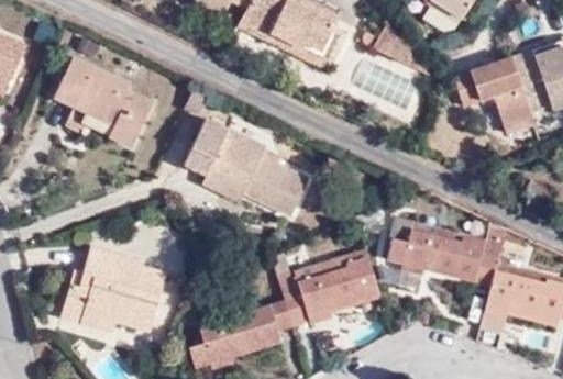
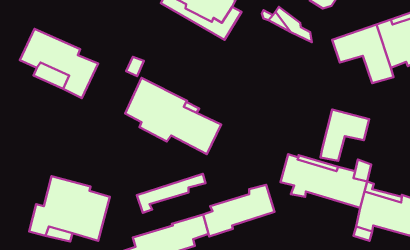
building: none -> [320,109,369,161]
building: [282,247,371,298] -> [137,174,206,213]

